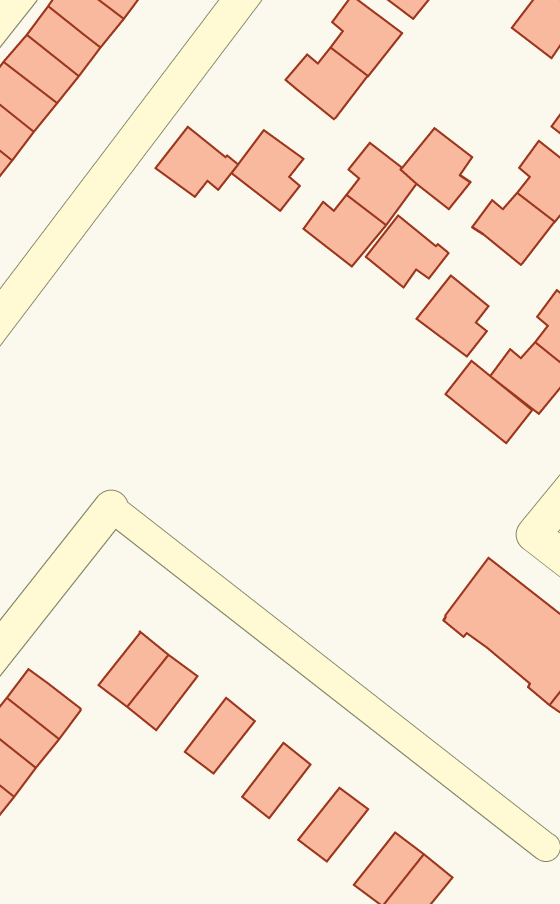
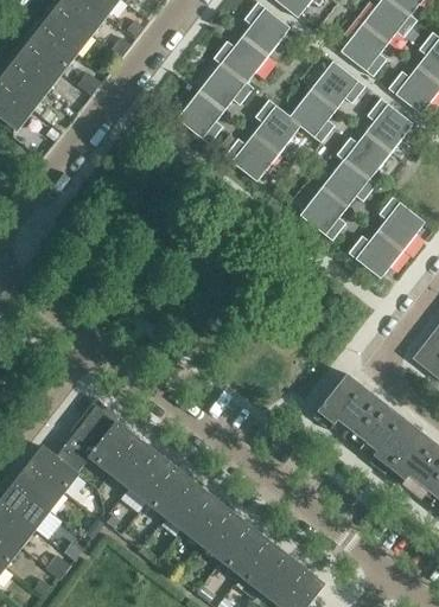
building: none -> [341,23,388,76]
building: none -> [311,60,365,108]
building: [155,127,238,197] -> [198,63,253,109]
building: [366,215,448,287] -> [322,159,376,206]
building: [445,361,532,443] -> none
building: none -> [56,398,117,472]
building: none -> [127,451,173,500]
building: none -> [165,480,211,530]
building: none -> [202,509,248,558]
building: none -> [240,538,285,588]

